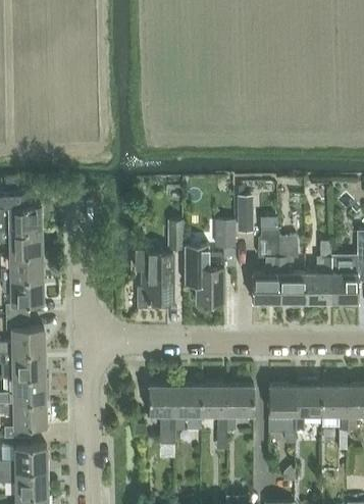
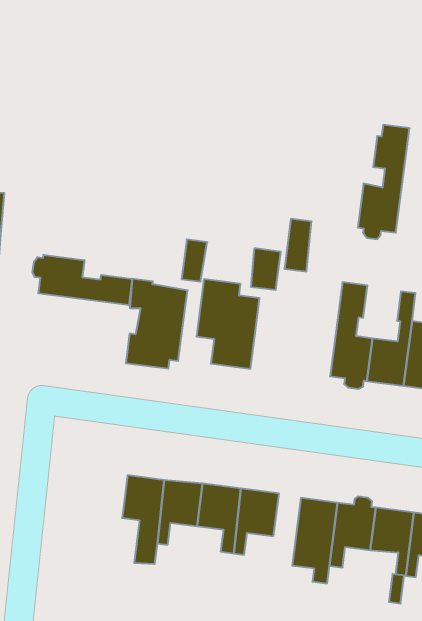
building: [252,229,278,307] -> [358,125,410,239]
building: none -> [33,255,132,305]

